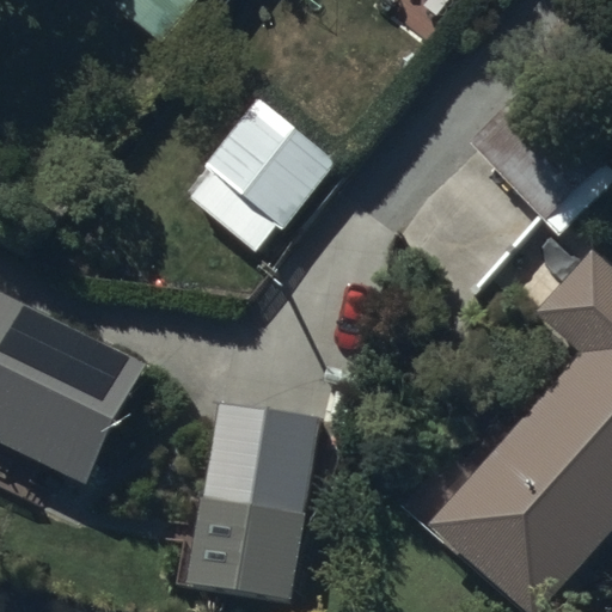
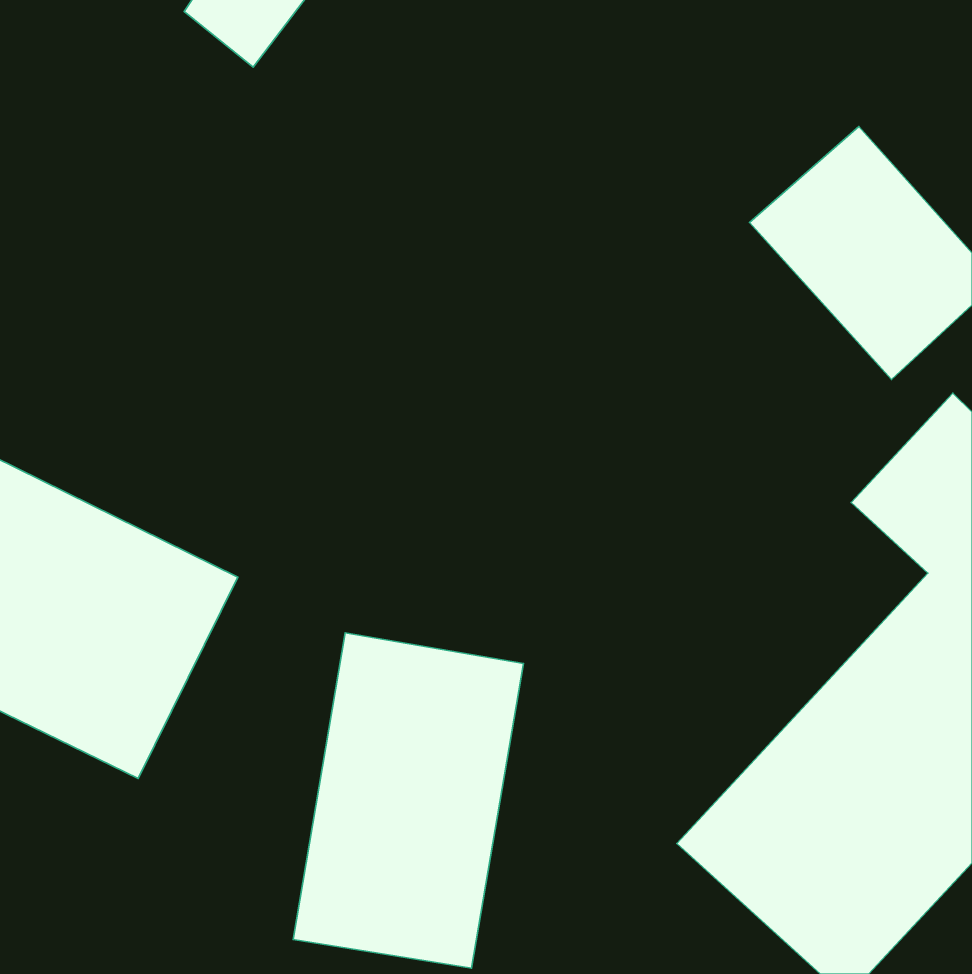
building: [204,94,343,231] -> none

